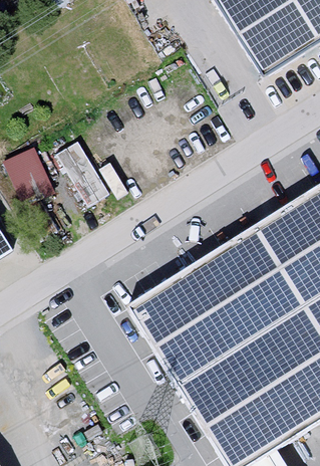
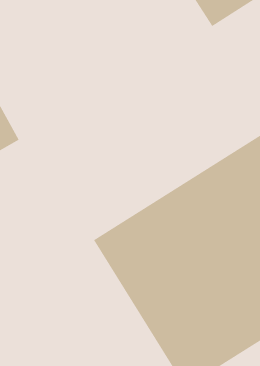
building: [60,139,108,206] -> none

